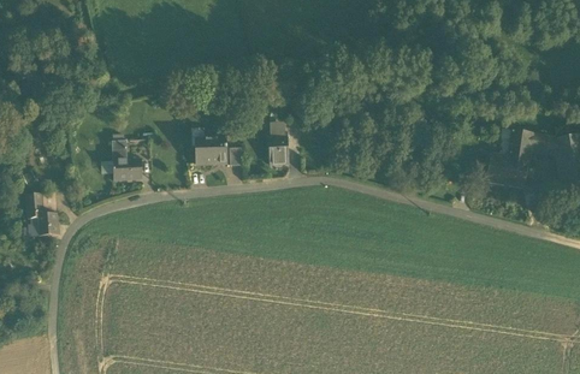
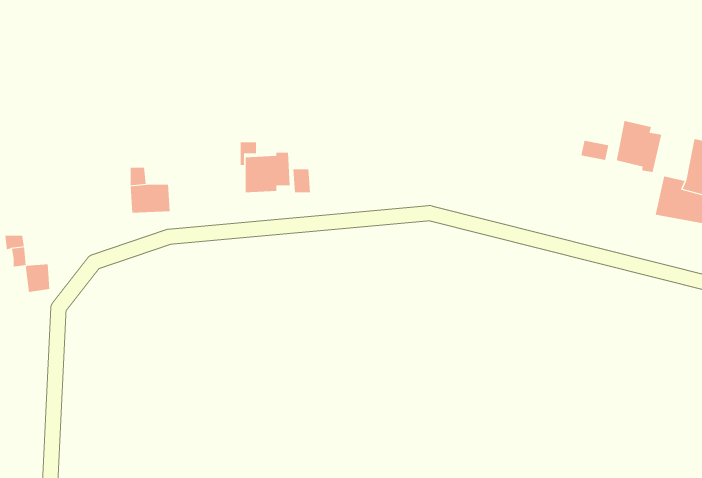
building: none -> [616,120,662,173]
building: [268,130,289,164] -> none

